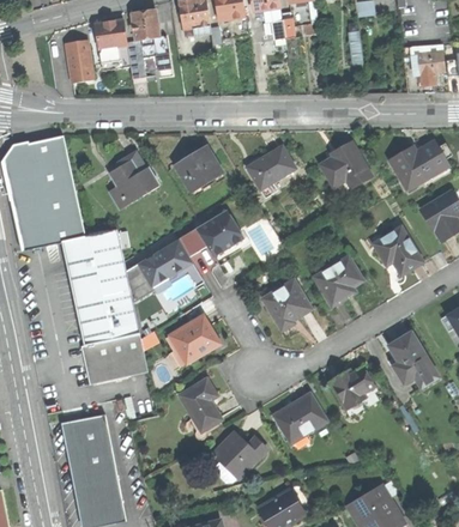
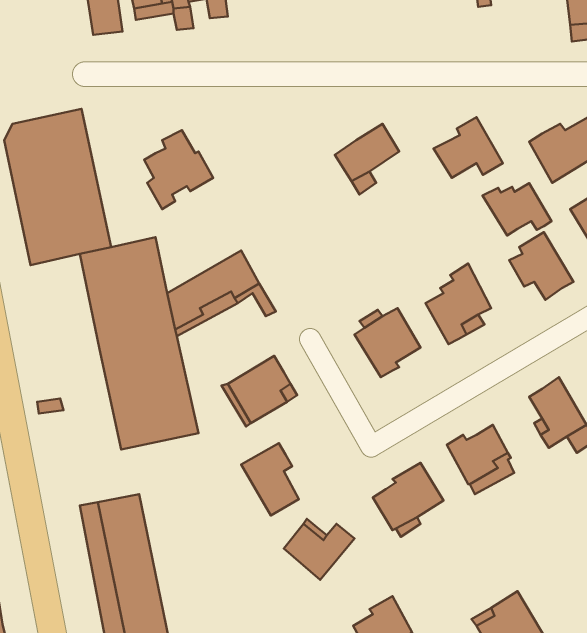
building: [174,145,223,192] -> none
building: none -> [482,183,551,235]
building: [198,210,243,255] -> none

